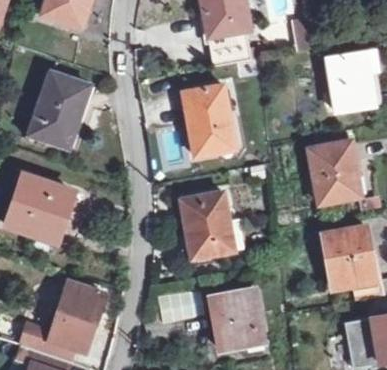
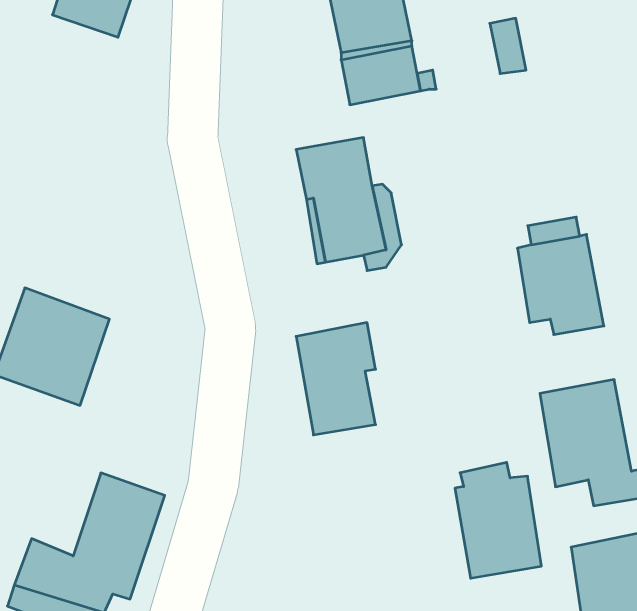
building: [328,52,372,110] -> none
building: [30,70,92,147] -> none
building: [211,283,261,350] -> [455,462,541,578]

